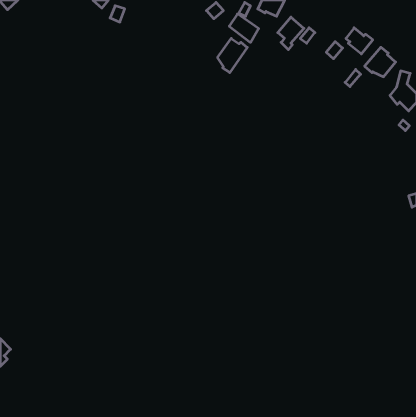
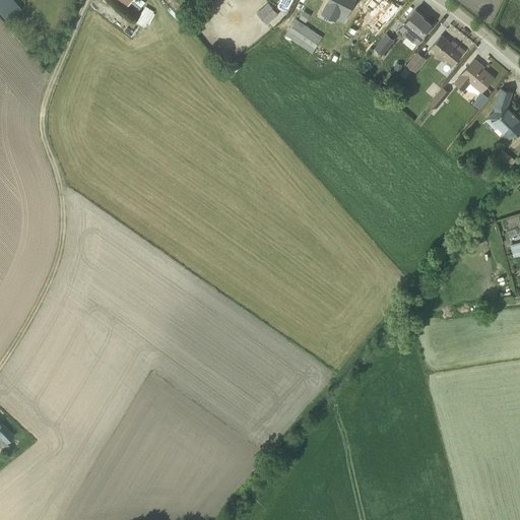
building: [278,17,304,50] -> [399,9,432,50]
building: [218,38,247,73] -> none

